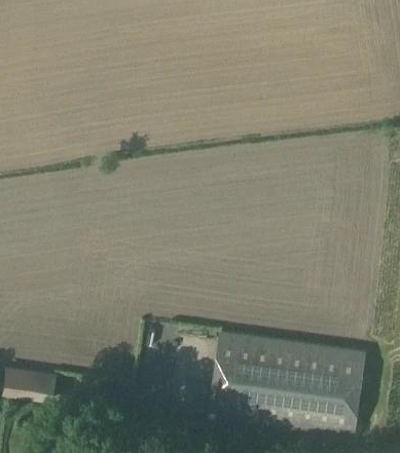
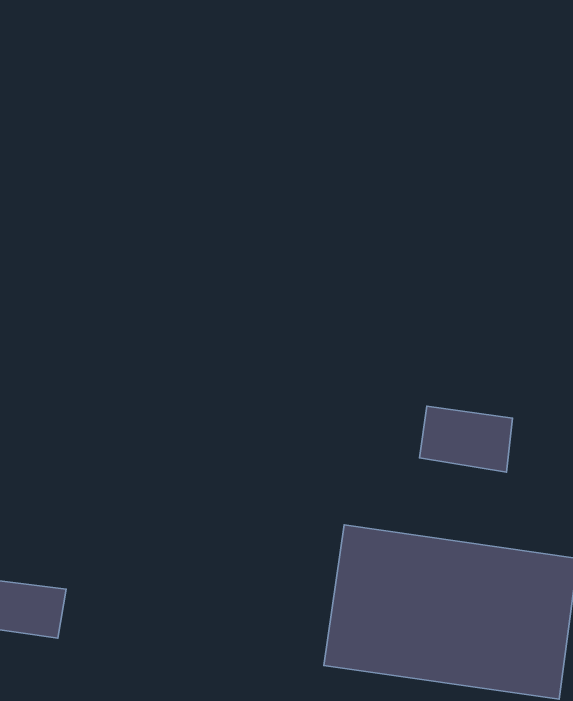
building: none -> [419,406,513,472]

